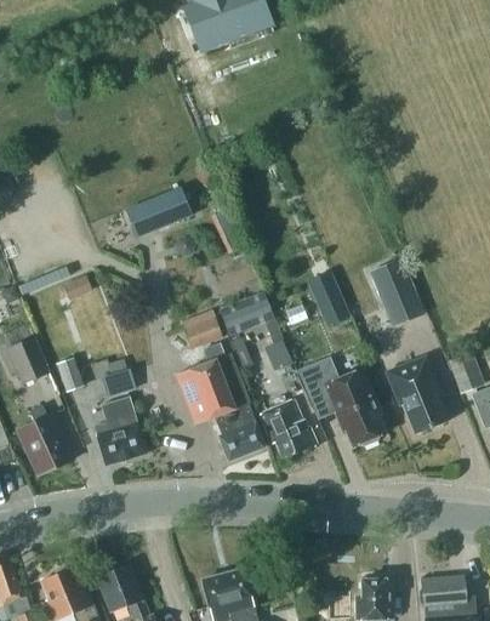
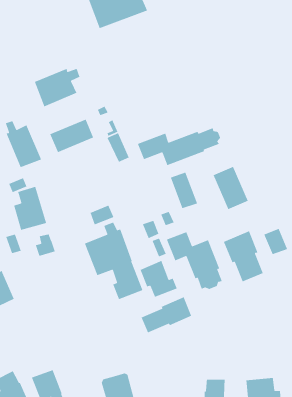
building: none -> [34,68,80,107]
building: none -> [5,120,42,168]
building: none -> [137,127,221,166]
building: [217,291,273,336] -> none
building: [95,397,146,465] -> [13,186,47,231]
building: none -> [141,296,192,334]

